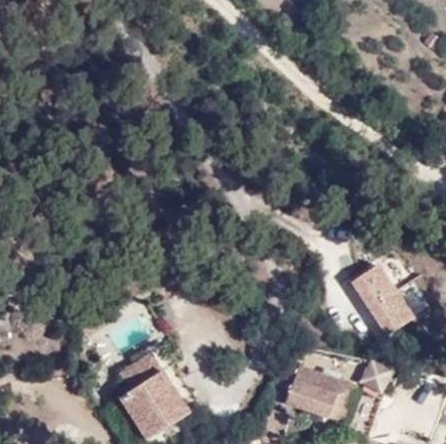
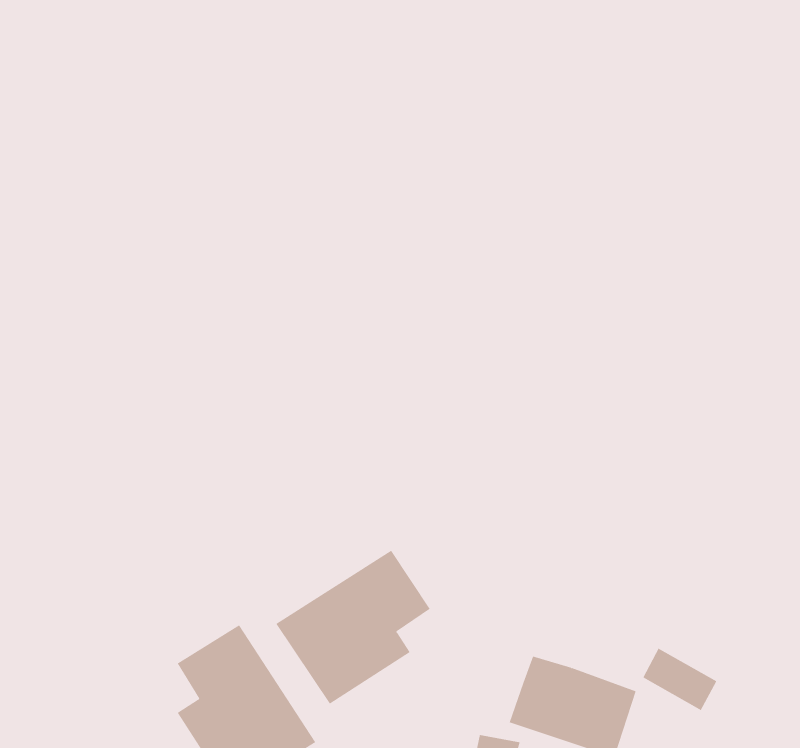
building: [349,263,411,333] -> none
building: none -> [275,550,431,704]

